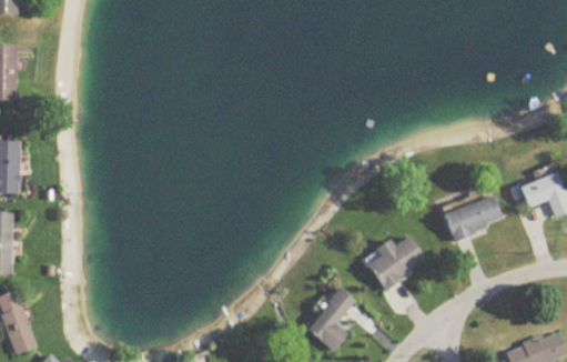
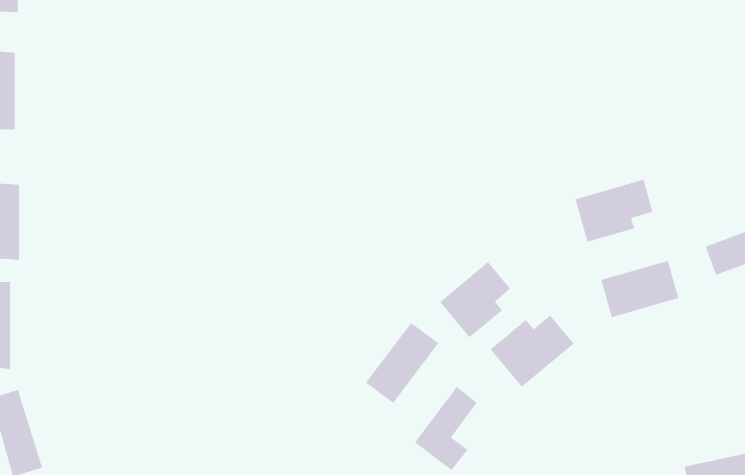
building: none -> [575,179,653,243]
building: none -> [439,261,511,338]
building: none -> [365,322,439,404]

